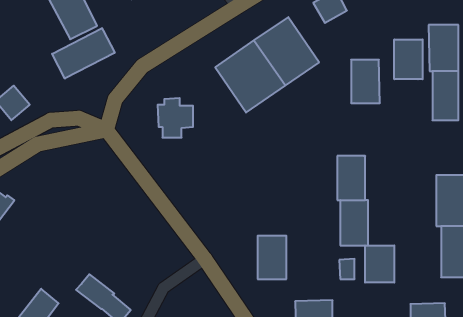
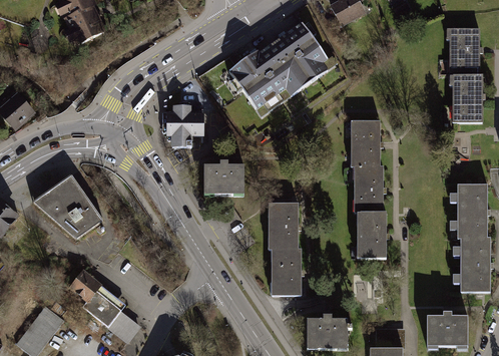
building: [52,28,115,79] -> none
building: [394,39,423,79] -> none
building: [351,60,380,103] -> [351,119,381,164]
building: none -> [204,164,243,195]
building: none -> [32,171,103,238]
building: none -> [269,202,298,248]
building: [365,245,394,283] -> none
building: none -> [65,269,99,298]

